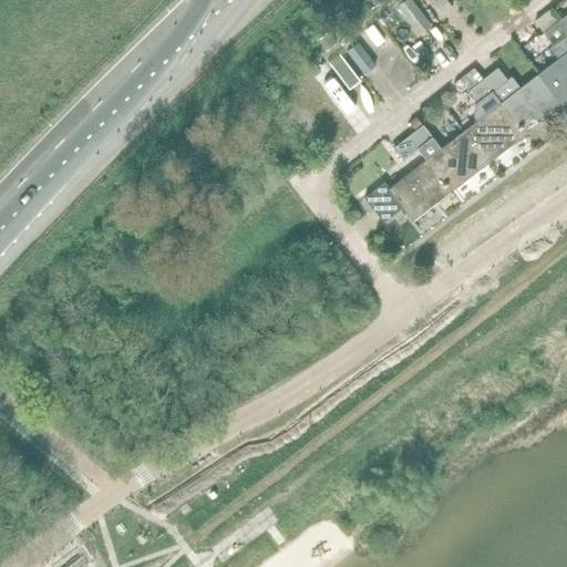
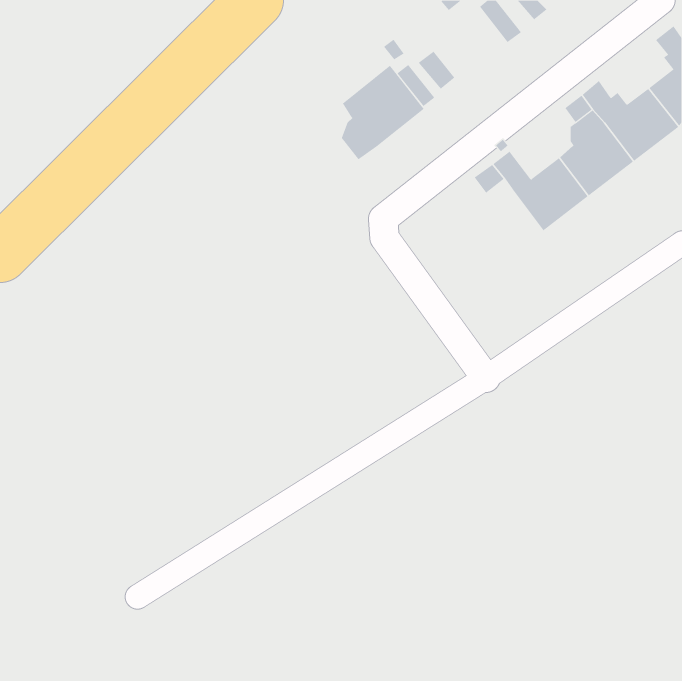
building: none -> [341,65,425,160]
building: [363,161,451,224] -> none

